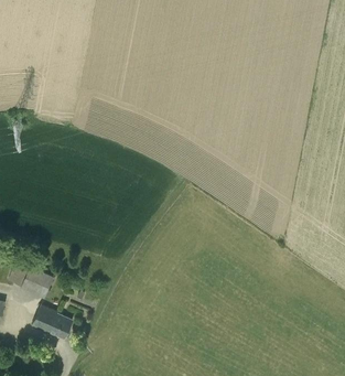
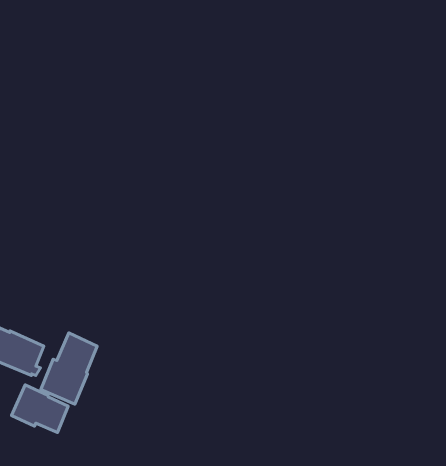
building: none -> [41,333,97,404]

